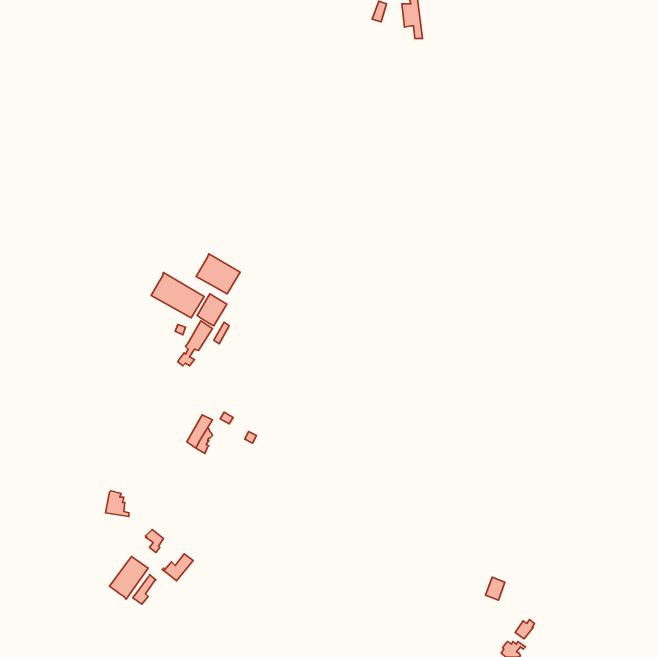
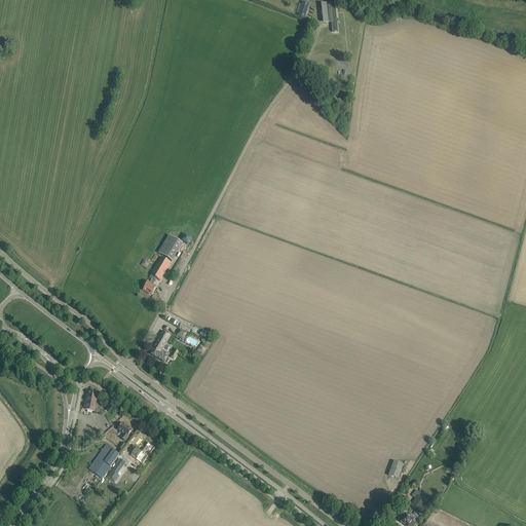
building: [196,254,240,294] -> none
building: [151,272,204,318] -> none

